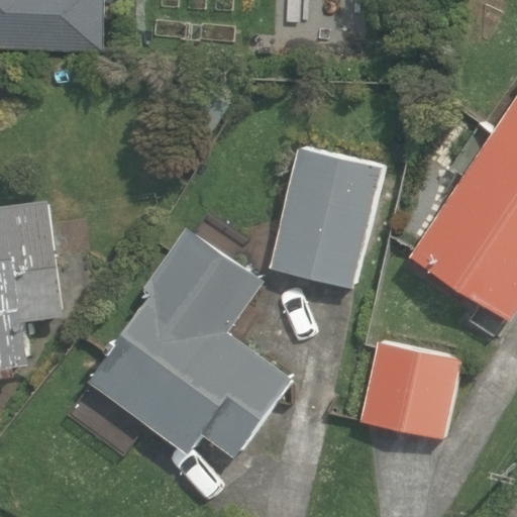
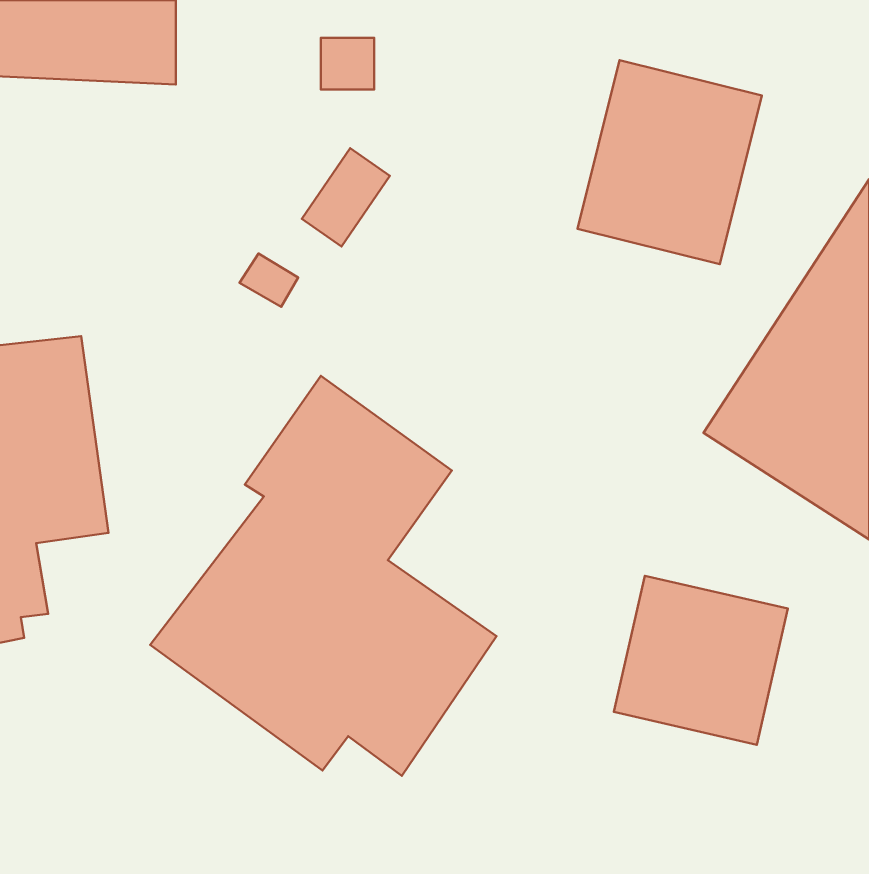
building: none -> [578,60,762,264]
building: [270,146,382,290] -> none

